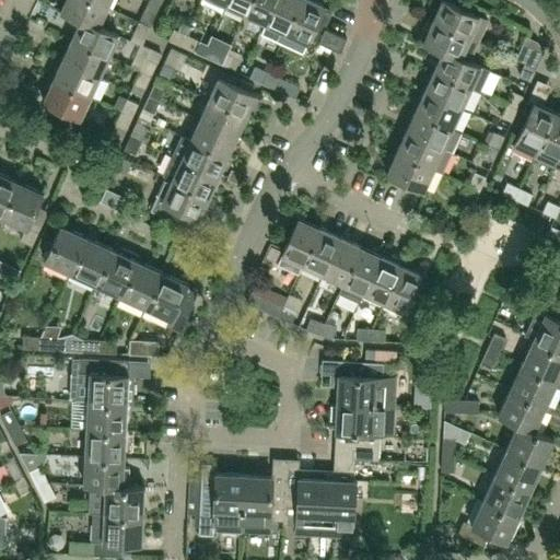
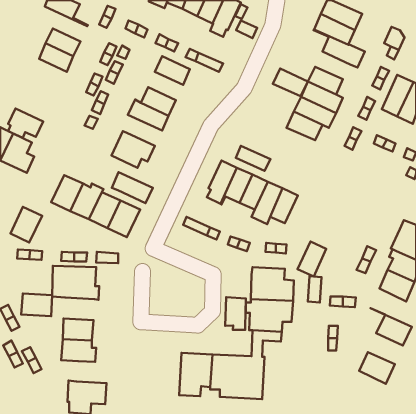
building: [60,12,117,59] -> none
building: [423,72,470,109] -> [273,68,308,96]
building: [43,82,90,121] -> [8,108,43,138]
building: [199,100,246,138] -> none
building: [163,158,218,199] -> [112,172,153,203]
building: none -> [236,146,270,171]
building: [44,226,86,275] -> [10,207,42,243]
building: [383,266,421,313] -> [298,242,326,277]
building: [498,390,546,433] -> none
building: none -> [225,297,246,330]
building: [85,402,127,433] -> [21,293,52,316]
building: [494,451,541,492] -> none
building: [198,475,244,536] -> none
building: [103,488,144,517] -> none
building: [457,501,518,549] -> none

